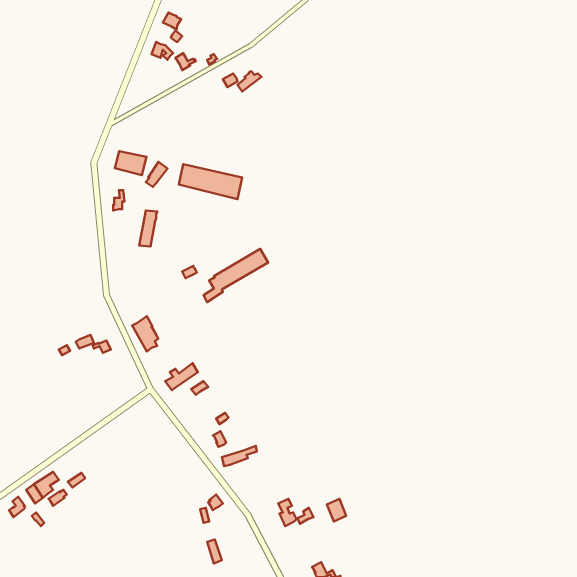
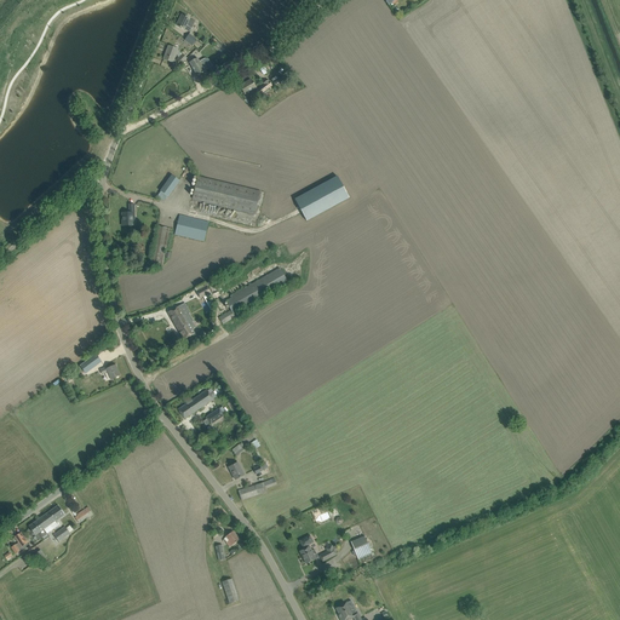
building: [115,151,146,175] -> [173,214,207,240]
building: none -> [294,176,349,219]
building: [132,316,158,351] -> [167,302,195,339]

